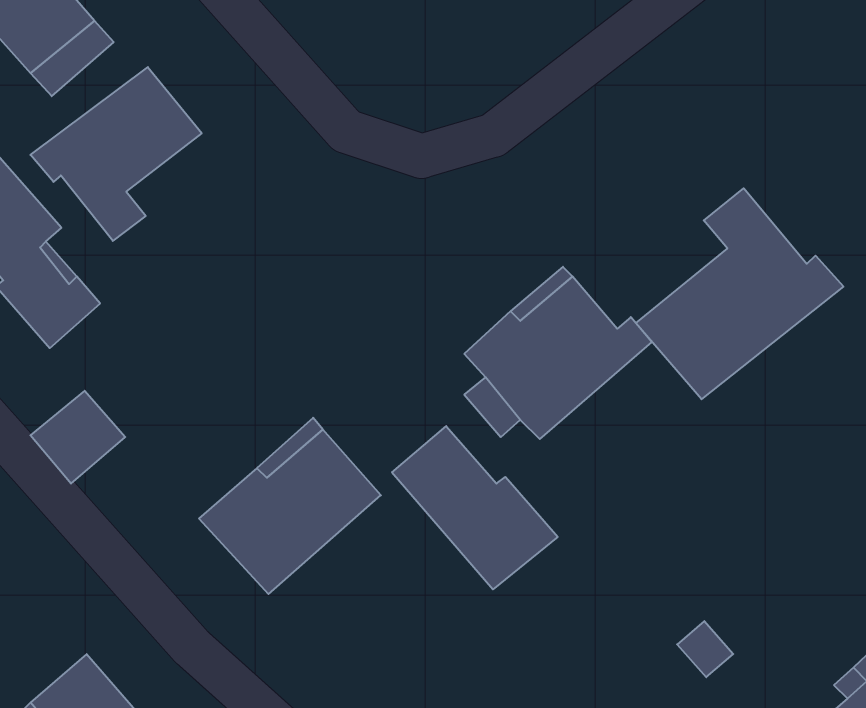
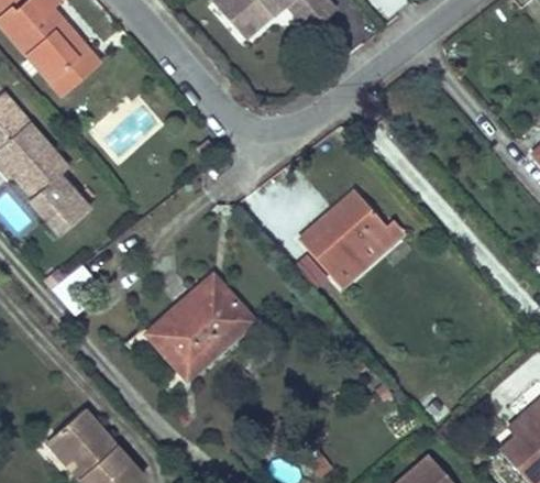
building: [30,67,202,241] -> none
building: [636,188,843,399] -> none
building: [392,426,558,589] -> none

